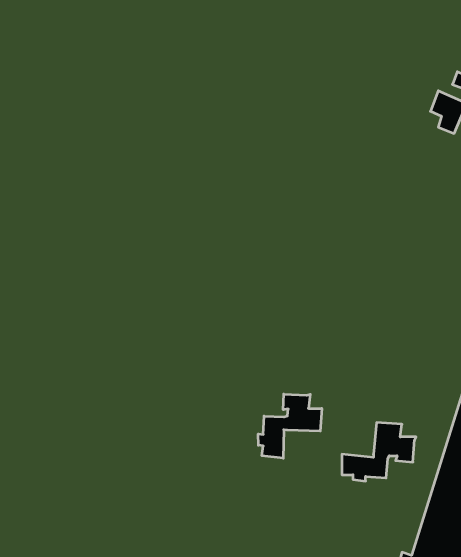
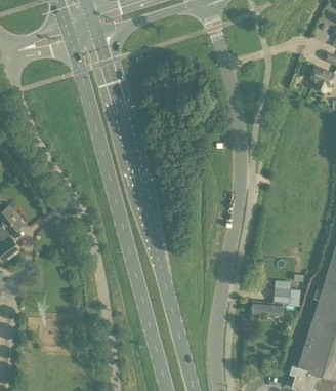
building: [258,394,322,458] -> none

